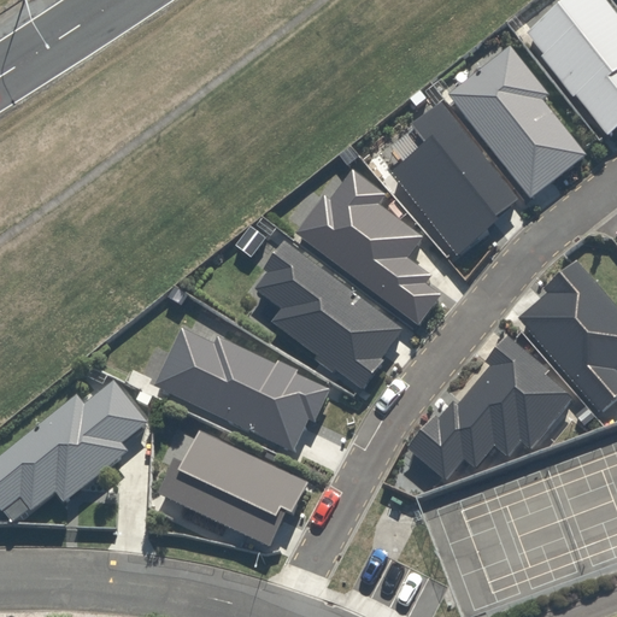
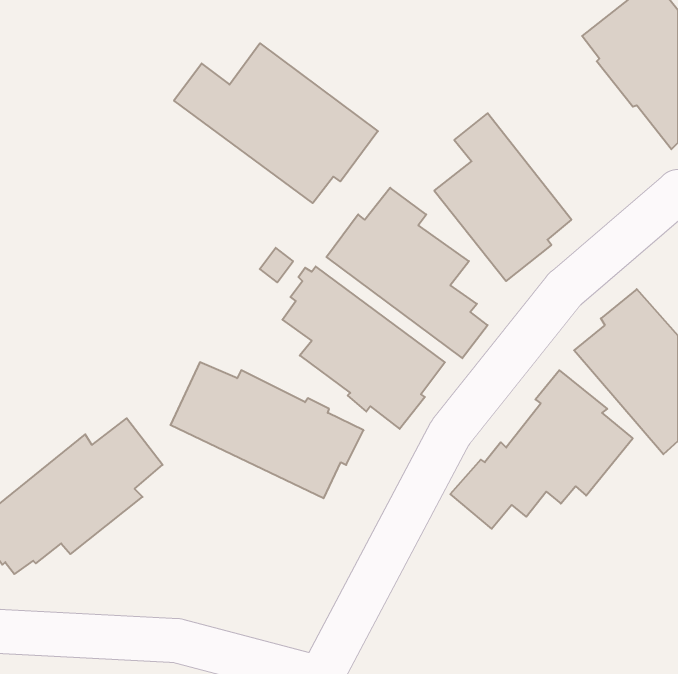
building: none -> [174,43,378,203]
building: [448,46,586,199] -> none
building: [158,430,307,547] -> none

